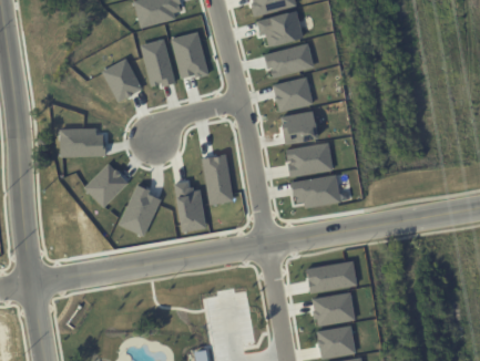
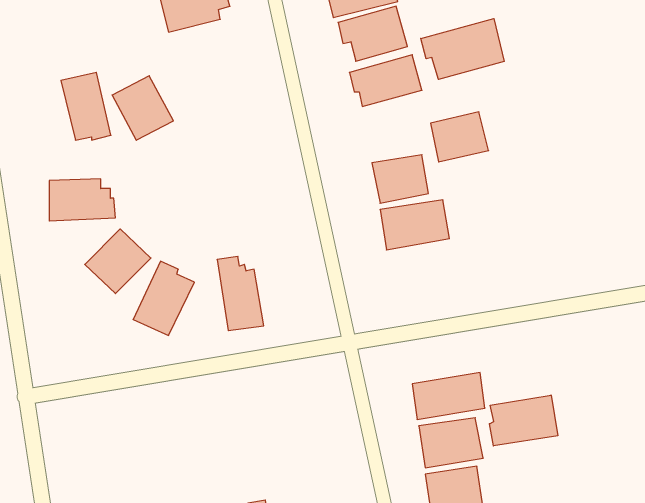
building: none -> [421,19,504,79]
building: [172,30,211,78] -> none
building: [142,39,176,85] -> [61,72,111,140]
building: [274,76,314,111] -> [431,112,489,162]
building: [202,153,233,204] -> none
building: [289,174,339,206] -> none
building: none -> [489,395,558,446]

